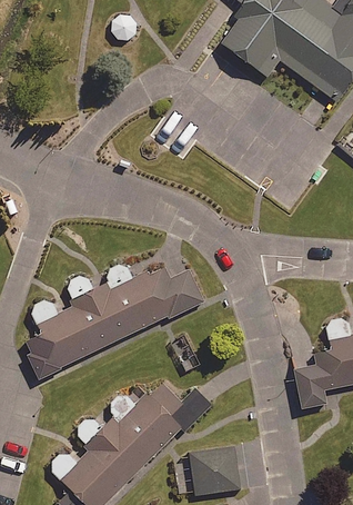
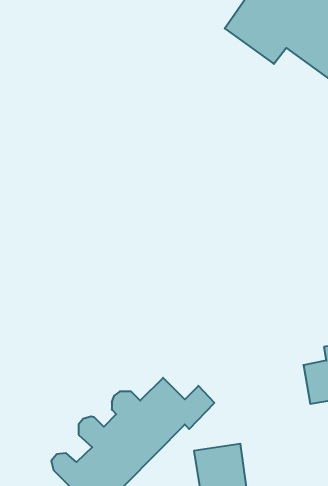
building: [24,265,202,377] -> none

